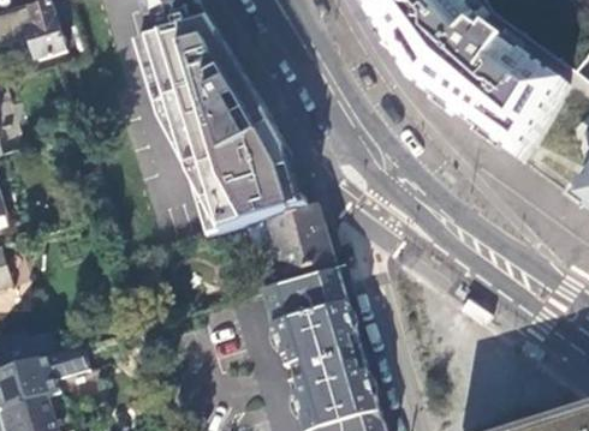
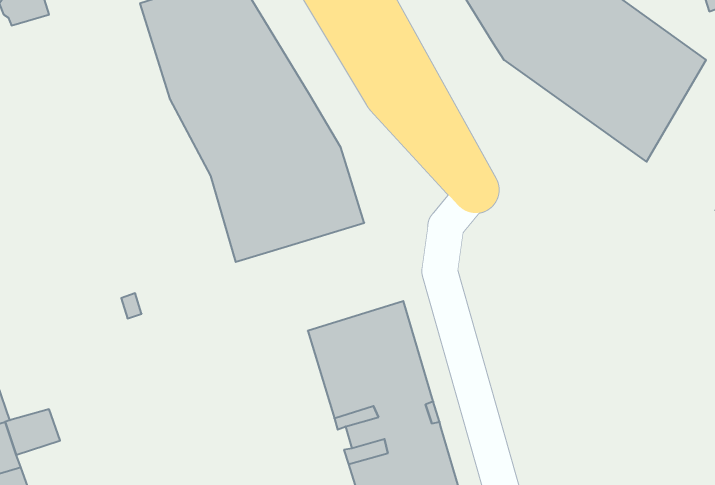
building: [248,204,334,274] -> none

